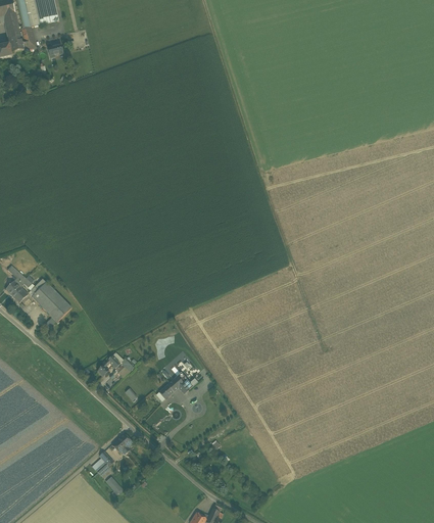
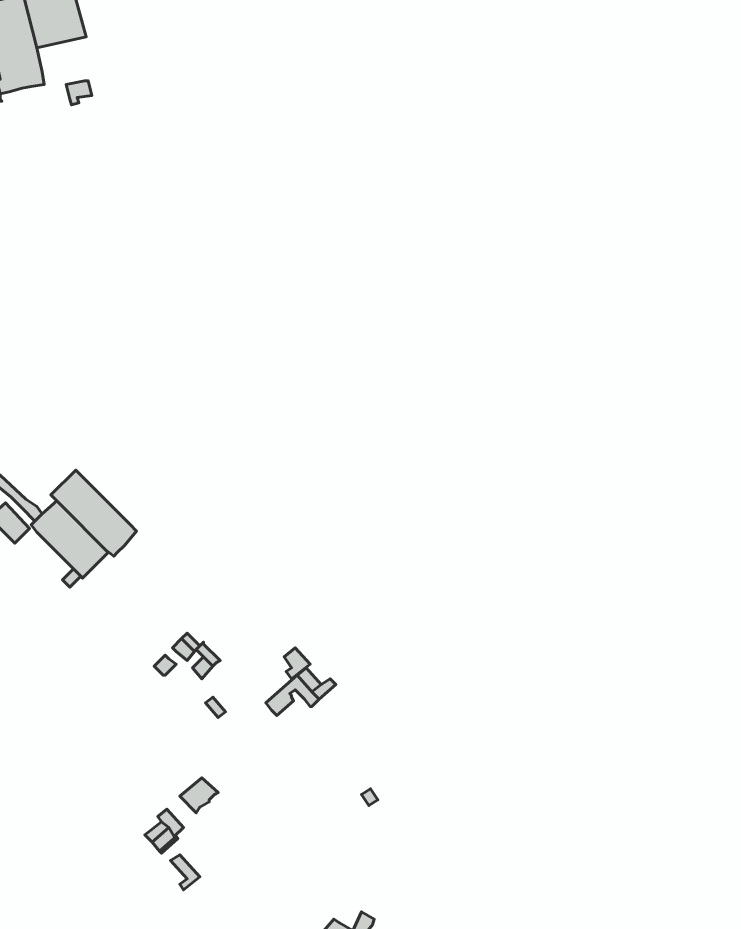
building: none -> [51,470,137,556]

